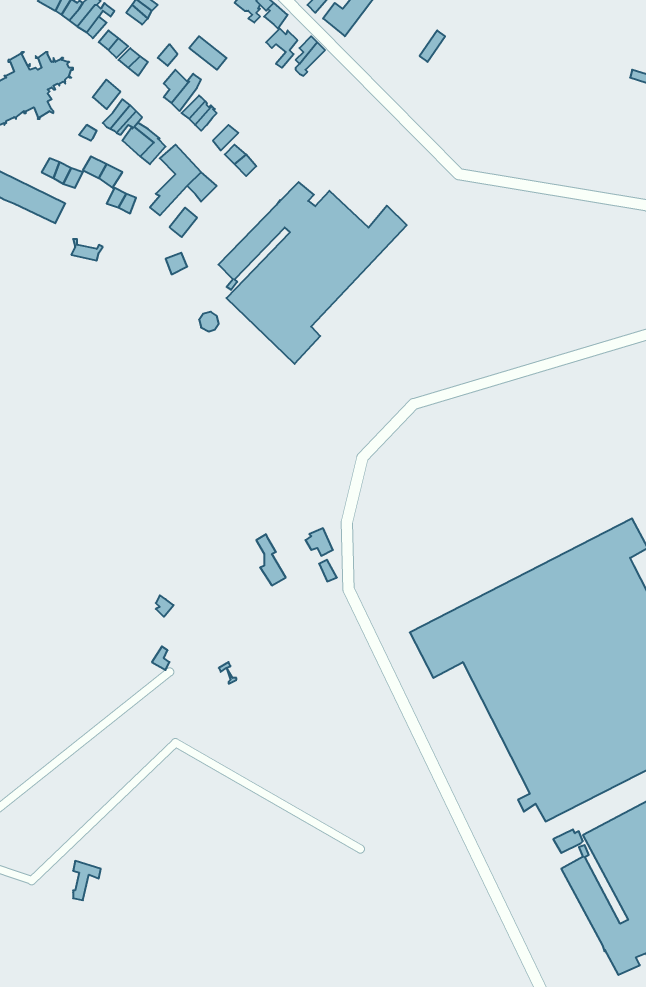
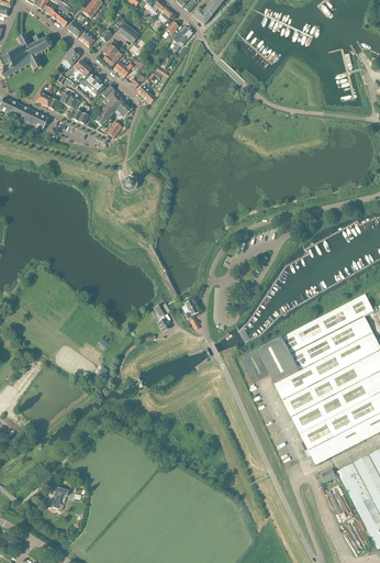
building: [218,182,407,364] -> none

